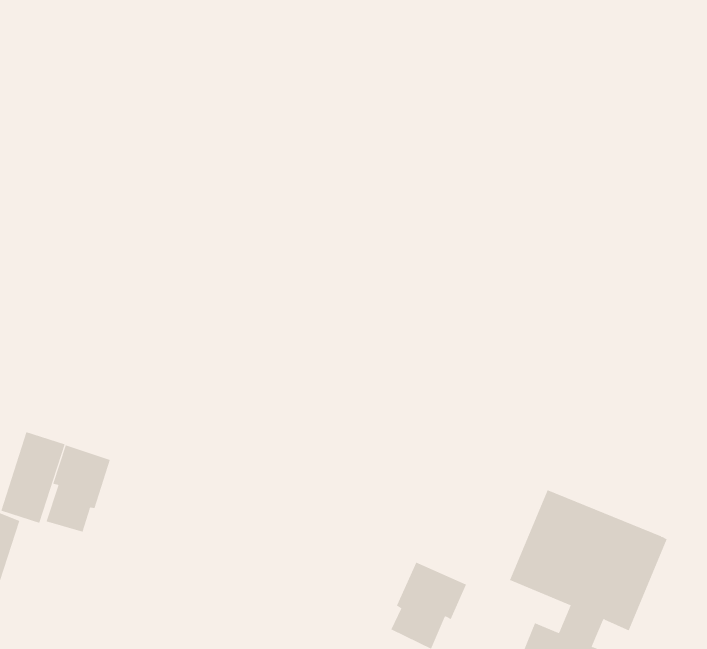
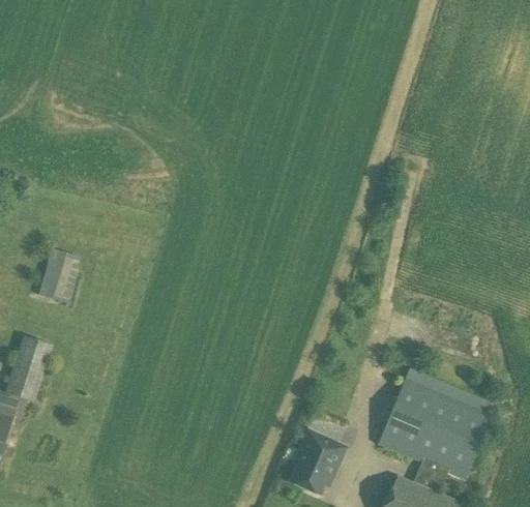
building: none -> [38,246,81,303]
building: [46,445,111,532] -> none

